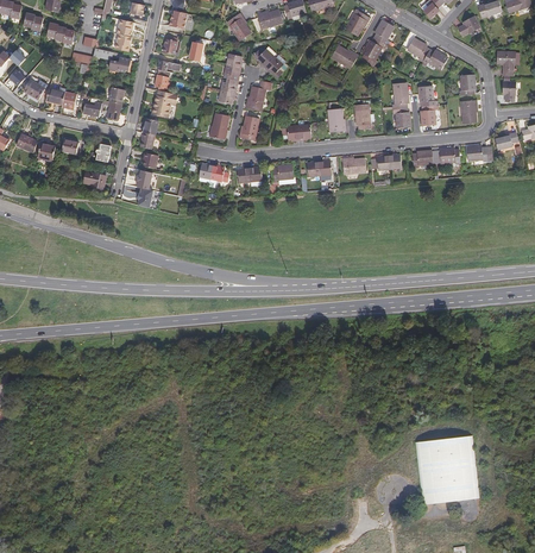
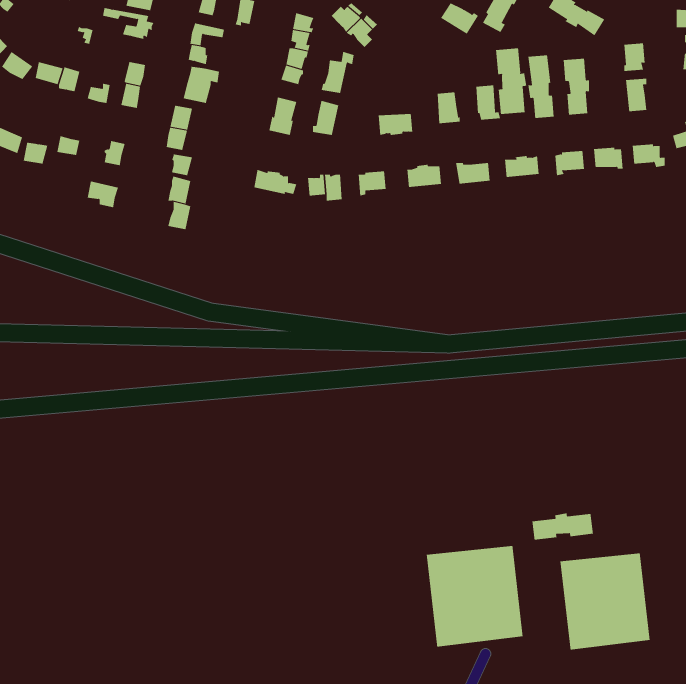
building: none -> [495,48,527,115]
building: none -> [532,513,593,541]
building: none -> [426,545,523,647]

